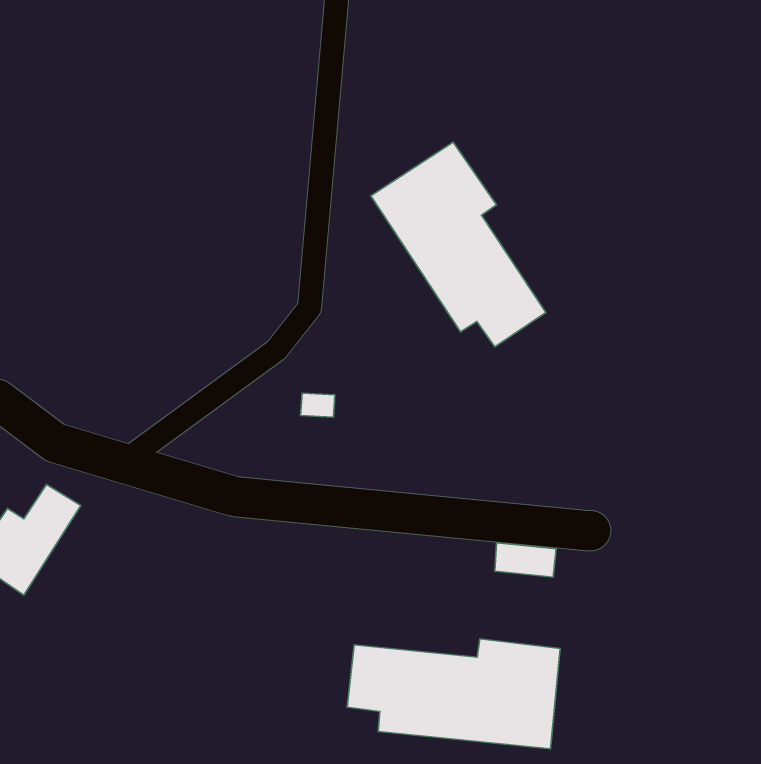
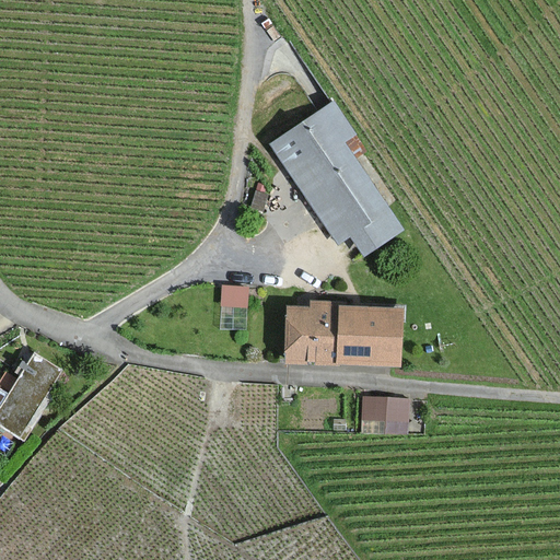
building: none -> [285,302,400,365]
building: [347,639,560,749] -> none

